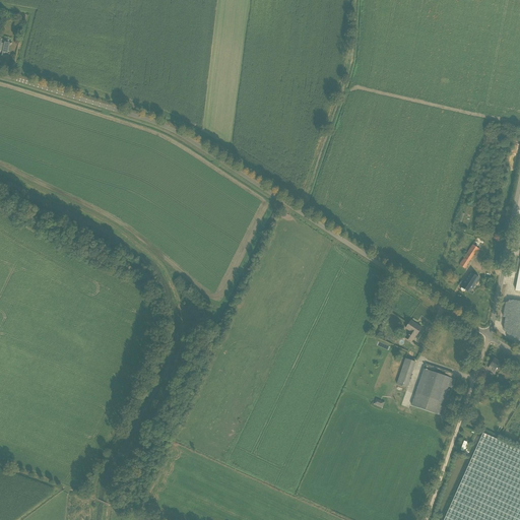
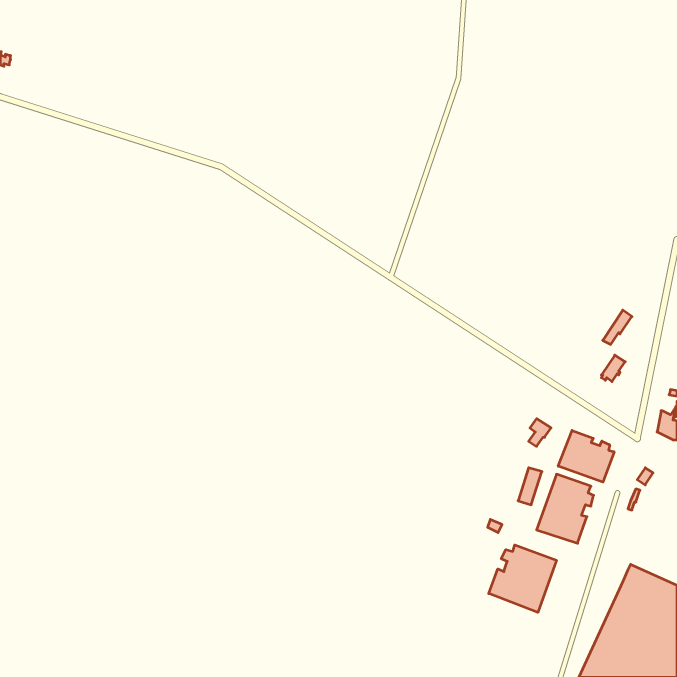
building: none -> [558,430,614,482]
building: none -> [489,545,556,612]

